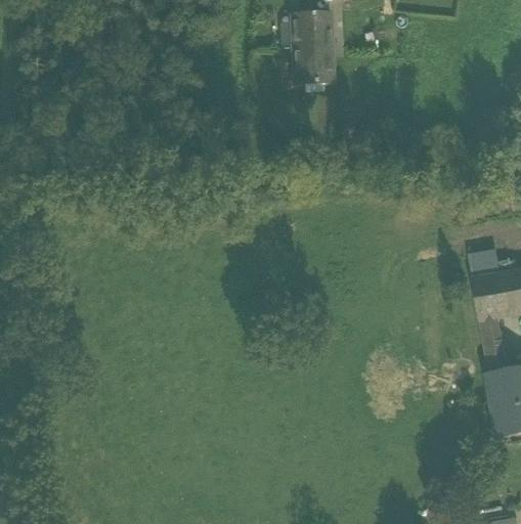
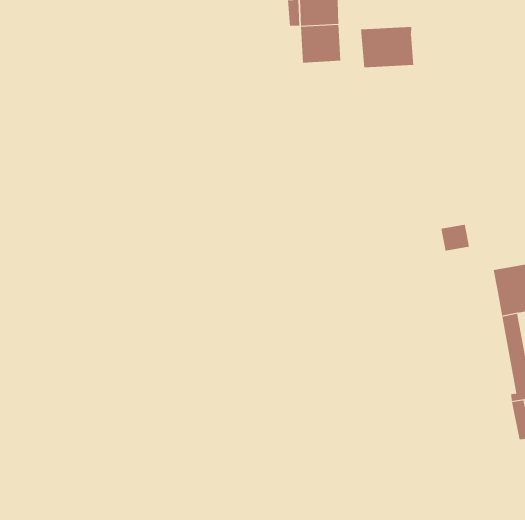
building: none -> [361,26,414,68]
building: [470,249,497,274] -> [441,224,470,251]

